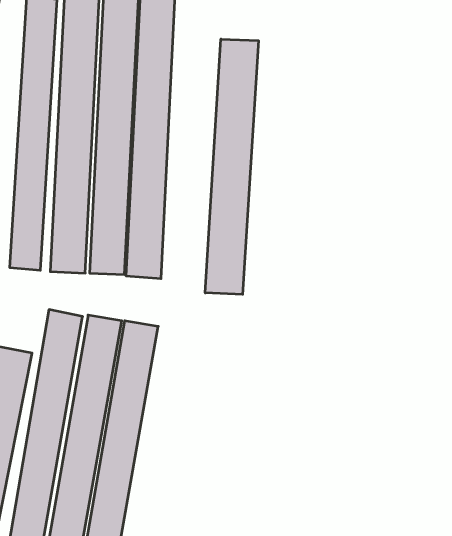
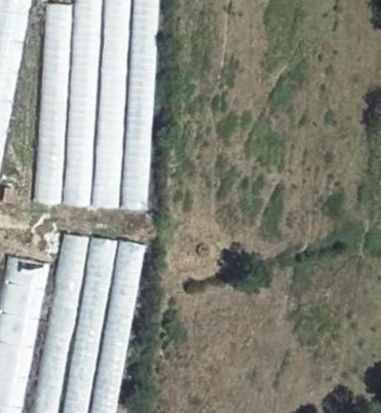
building: [205,39,258,294] -> none

